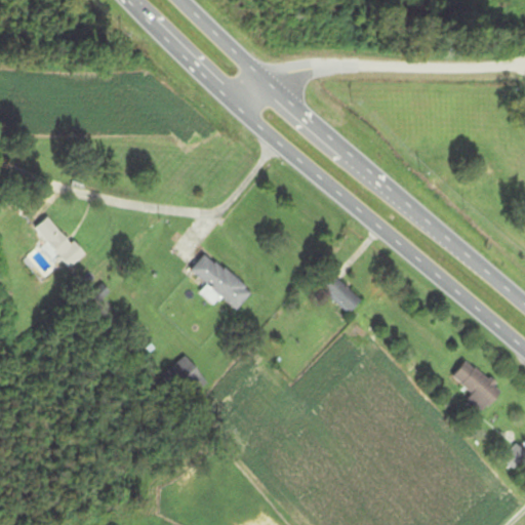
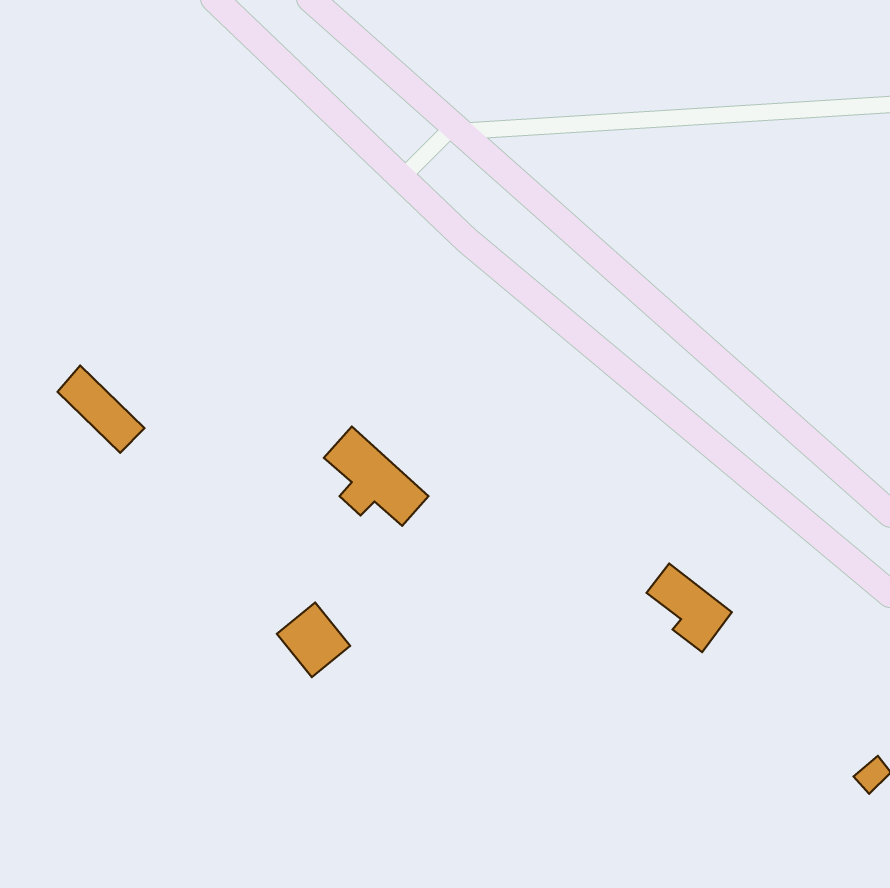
building: [323,276,361,314] -> none
building: [452,360,502,412] -> [646,563,732,652]

